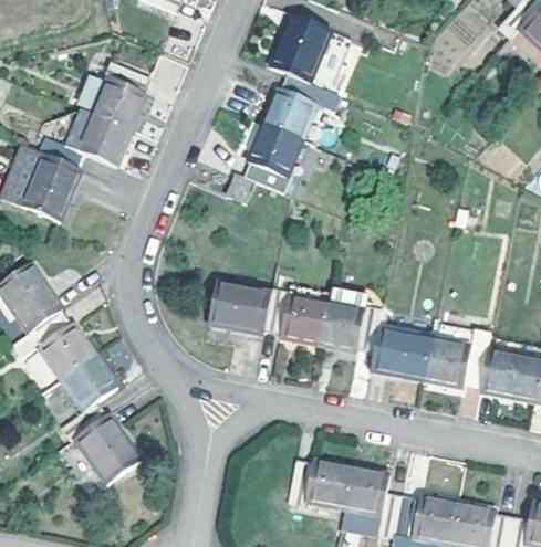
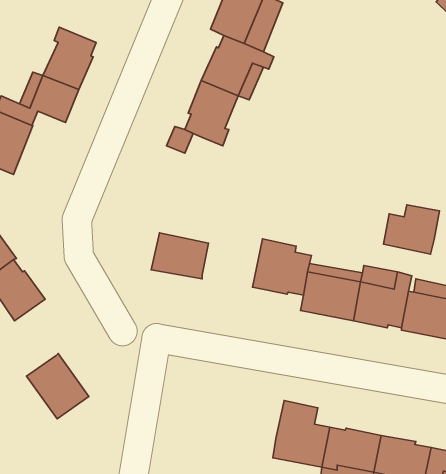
building: none -> [383,205,439,254]
building: [264,284,330,344] -> none
building: [61,357,116,442] -> none
building: [288,459,353,507] -> none

